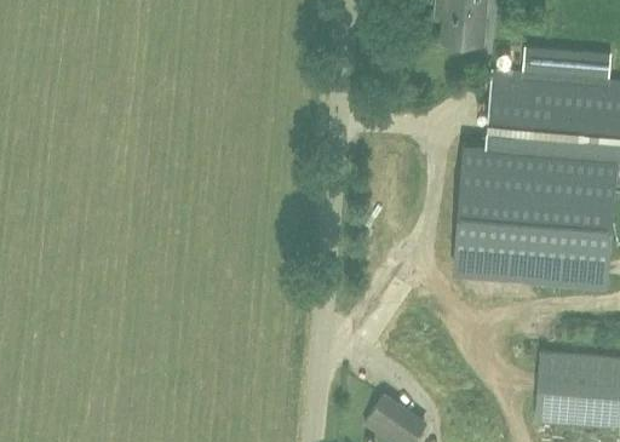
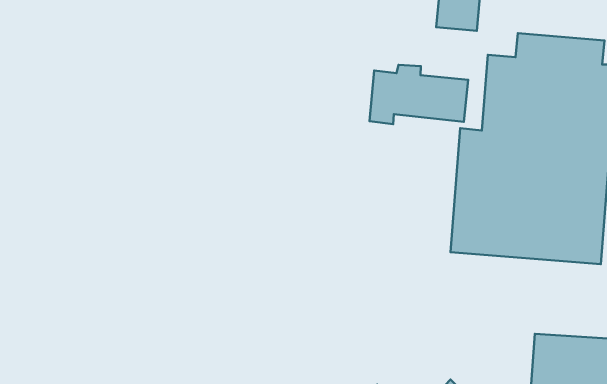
building: none -> [369,65,468,124]

